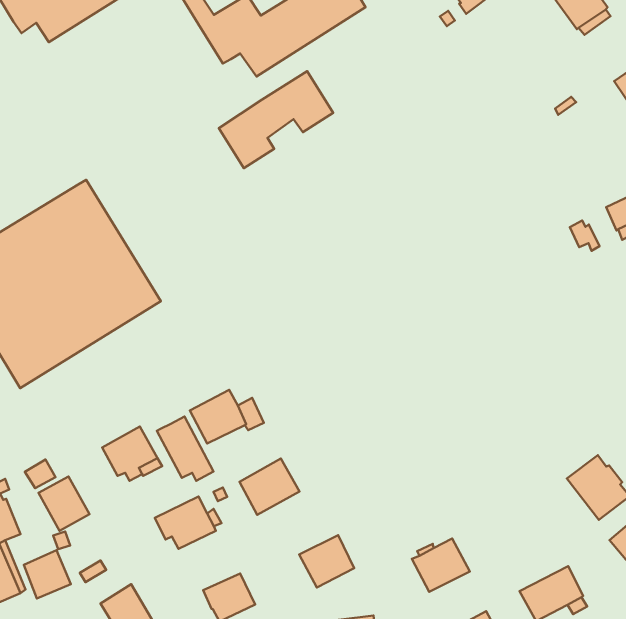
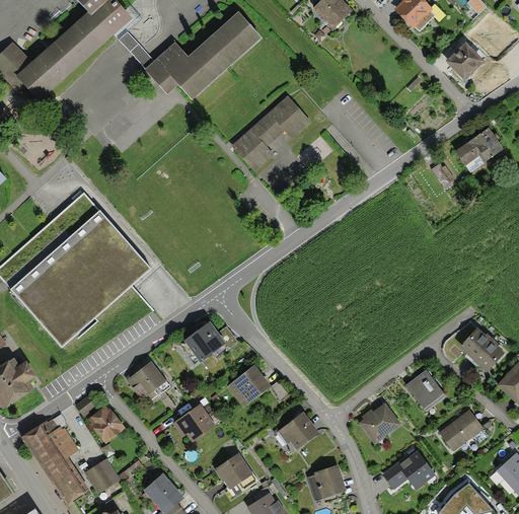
building: [219,71,333,168] -> [231,94,310,170]
building: [157,417,214,481] -> none
building: none -> [405,369,445,411]

